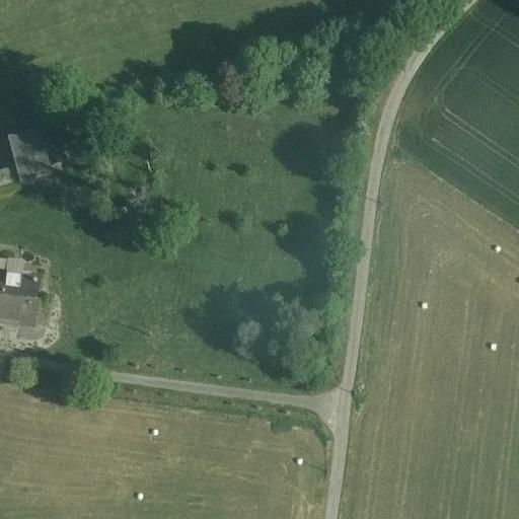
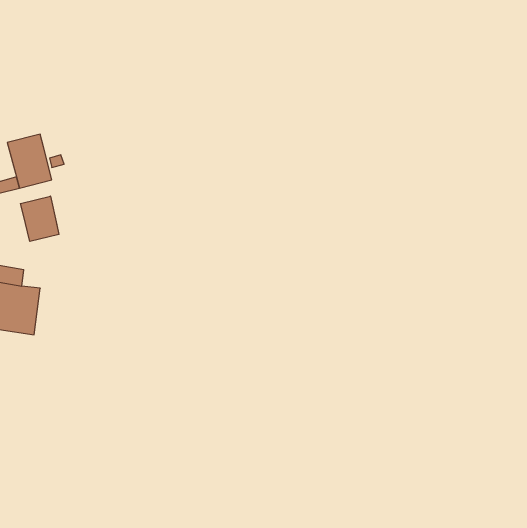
building: none -> [20,196,59,241]

